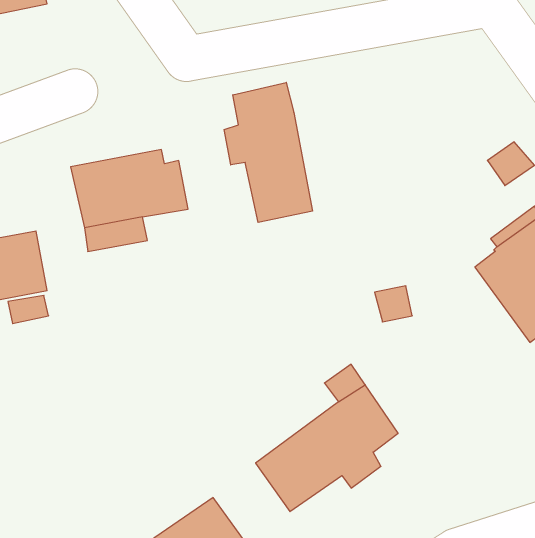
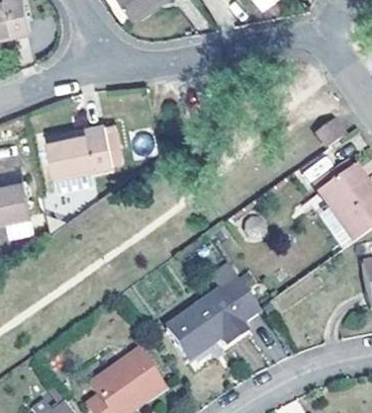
building: [224,82,312,222] -> none

